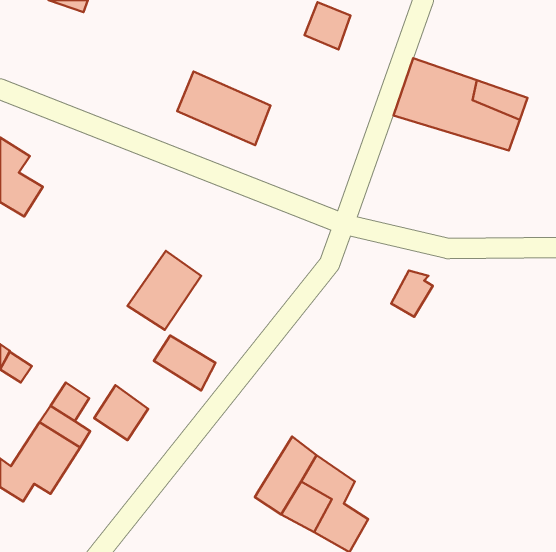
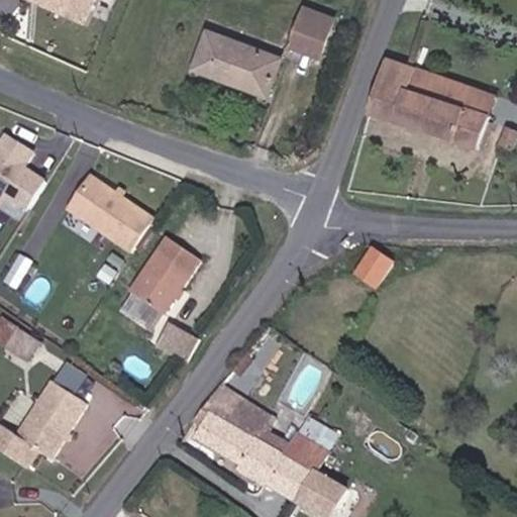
building: [177,72,271,145] -> [188,20,274,88]
building: none -> [64,180,148,254]
building: [94,385,148,440] -> none
building: none -> [197,381,274,460]

